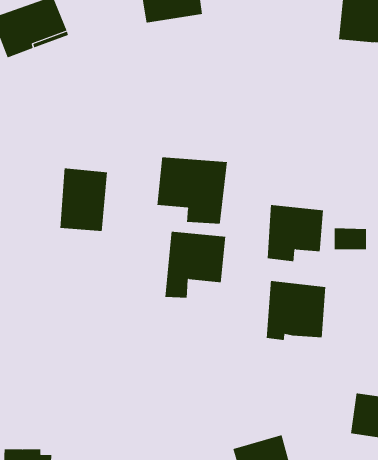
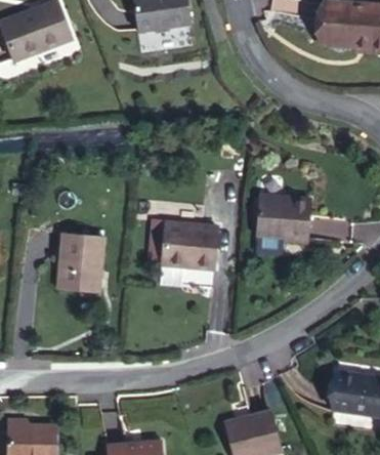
building: [157,156,227,224] -> none
building: [59,168,108,232] -> [58,234,103,293]
building: [266,280,326,341] -> none

